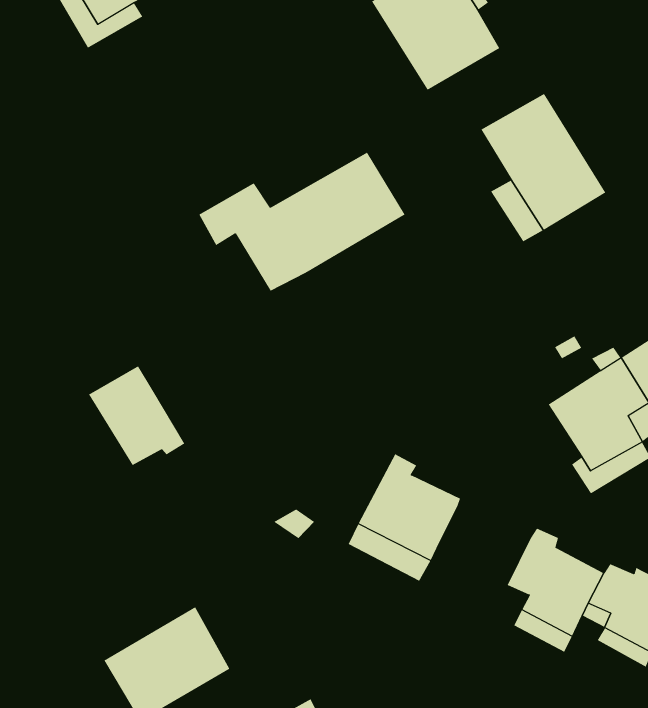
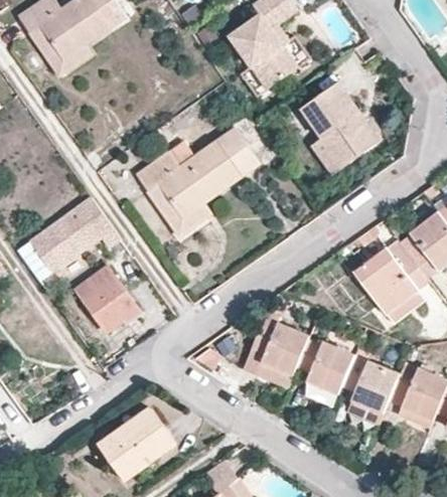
building: none -> [146,184,210,238]
building: none -> [30,201,121,273]
building: none -> [295,338,351,392]

